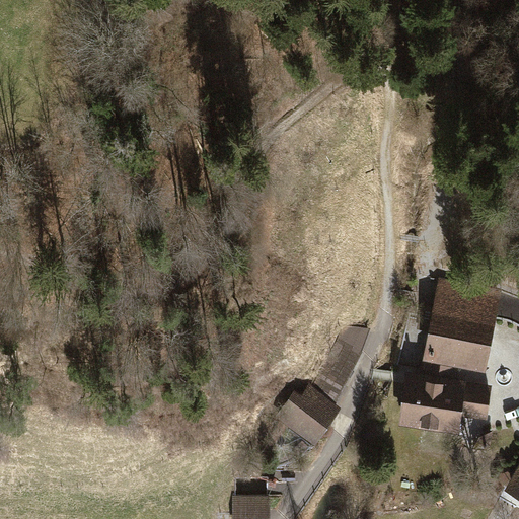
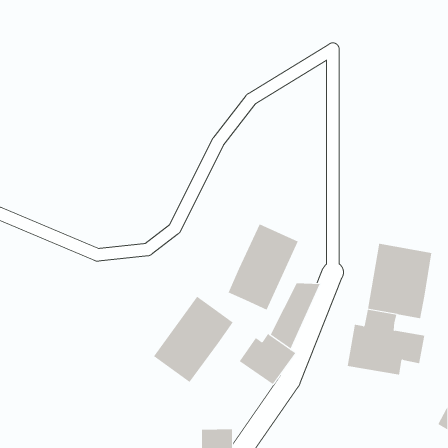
building: none -> [228,224,298,310]
building: none -> [153,296,234,383]

